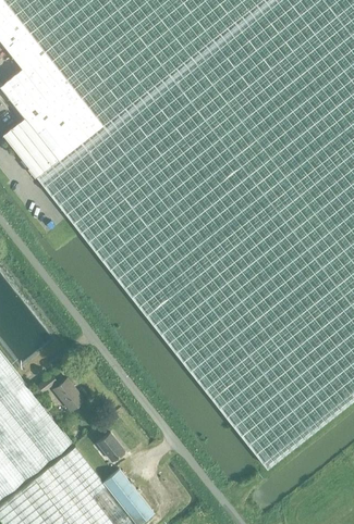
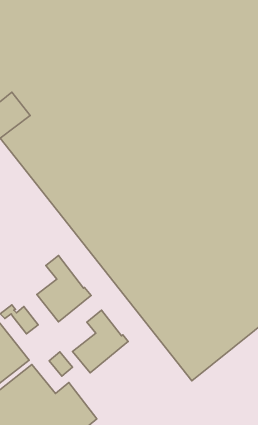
building: none -> [37,256,91,322]
building: none -> [73,310,128,373]

